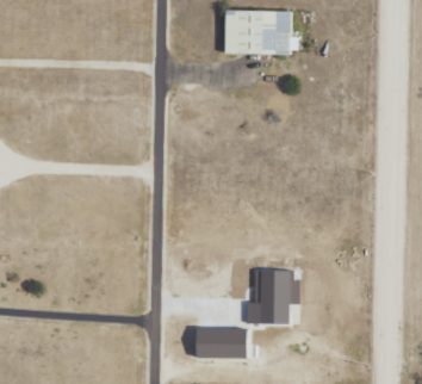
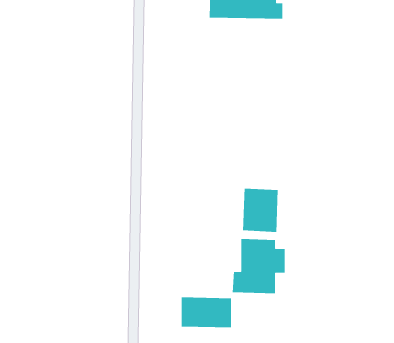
building: none -> [242,188,279,233]

